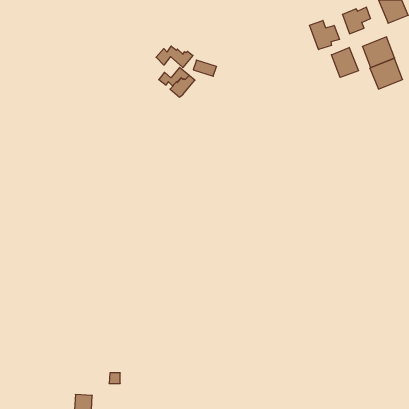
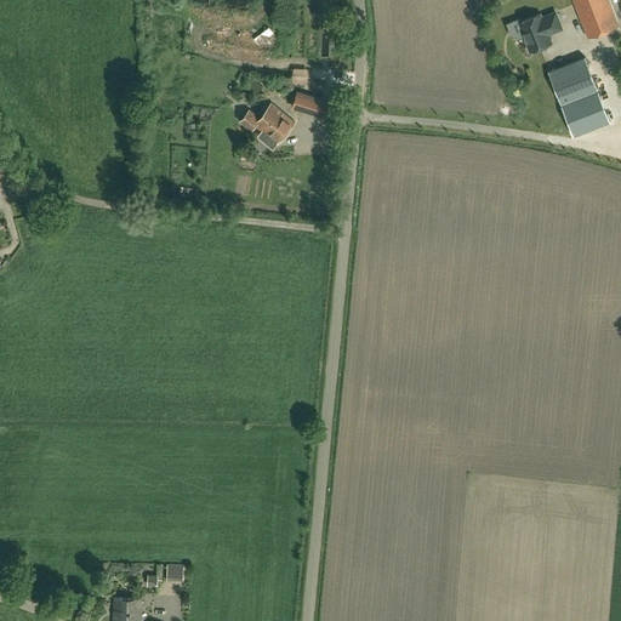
building: [309,20,339,50] -> none
building: [156,46,193,68] -> none
building: [331,47,359,77] -> none

